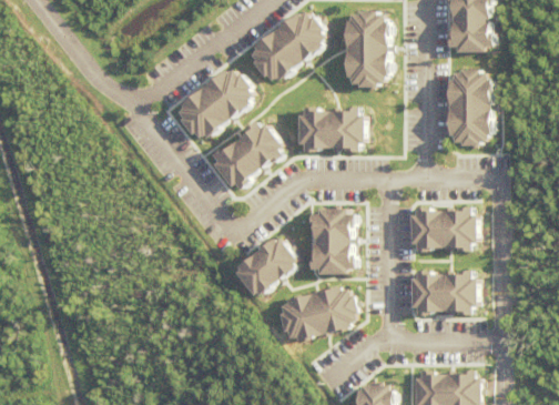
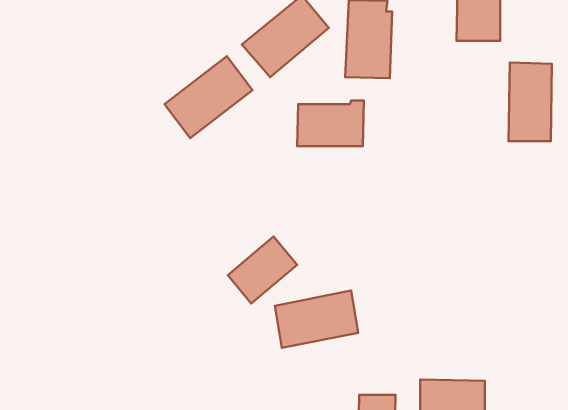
building: [448,70,489,144] -> [509,63,552,141]
building: [210,120,284,190] -> none
building: [410,207,474,251] -> none
building: [311,210,354,273] -> none
building: [411,272,474,315] -> none

